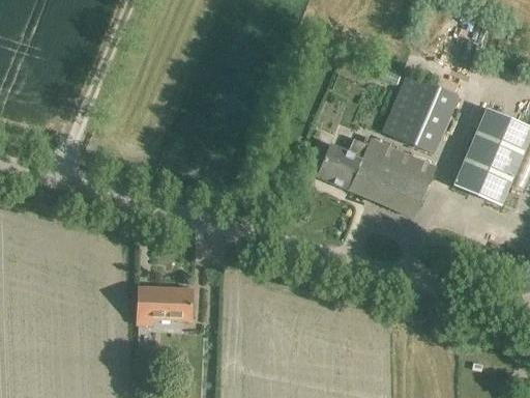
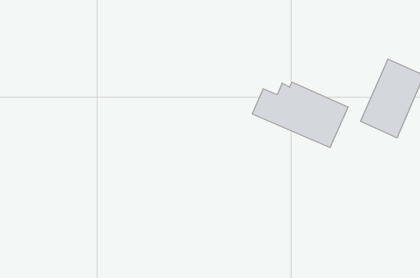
building: [384,73,459,154] -> none
building: [138,285,193,323] -> none

